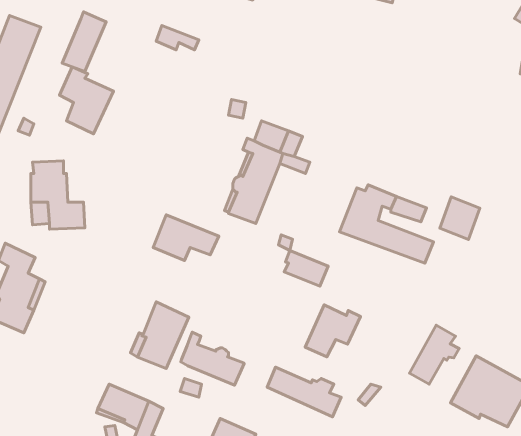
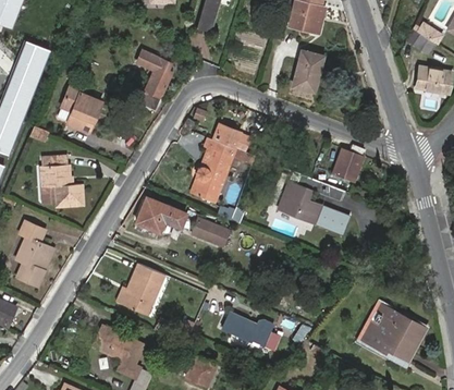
building: [62,12,106,72] -> [139,64,173,110]
building: none -> [293,51,322,92]
building: [440,197,480,240] -> [333,149,364,182]
building: [284,250,328,286] -> [193,217,226,244]
building: [305,305,360,357] -> none
building: [410,325,459,384] -> none
building: [181,332,244,385] -> none

